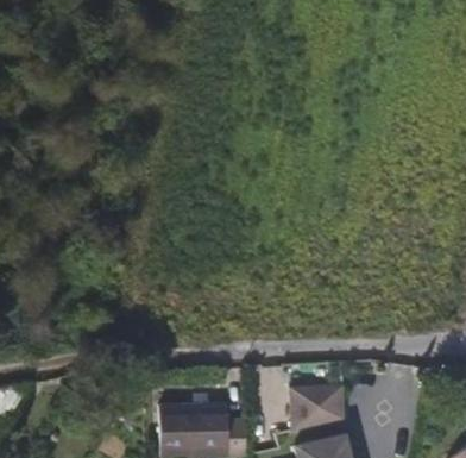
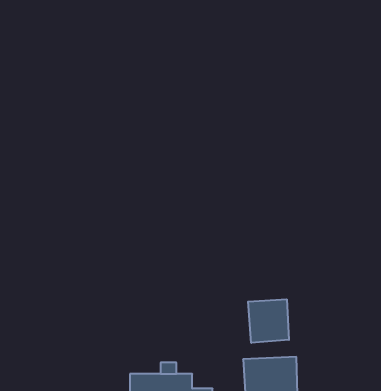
building: none -> [248,299,289,343]

